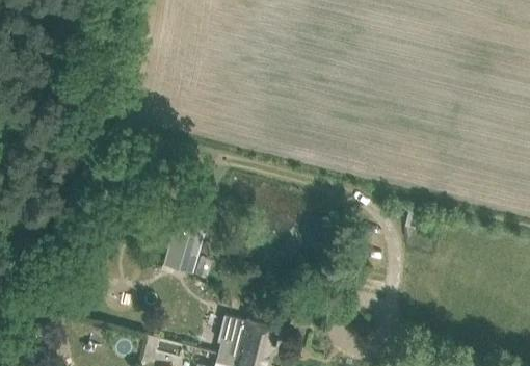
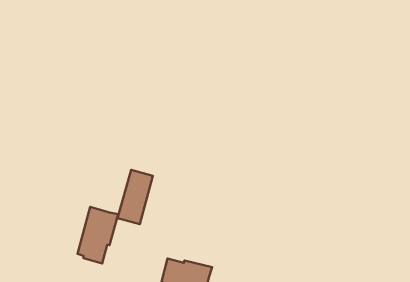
building: none -> [78,207,118,263]

